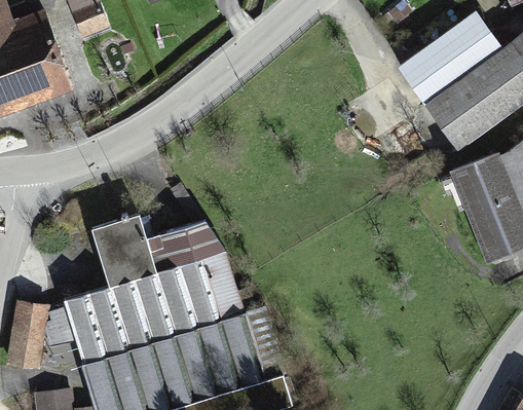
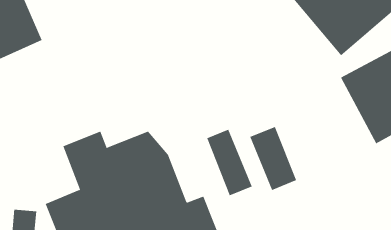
building: none -> [206,129,252,196]
building: none -> [249,126,297,191]

